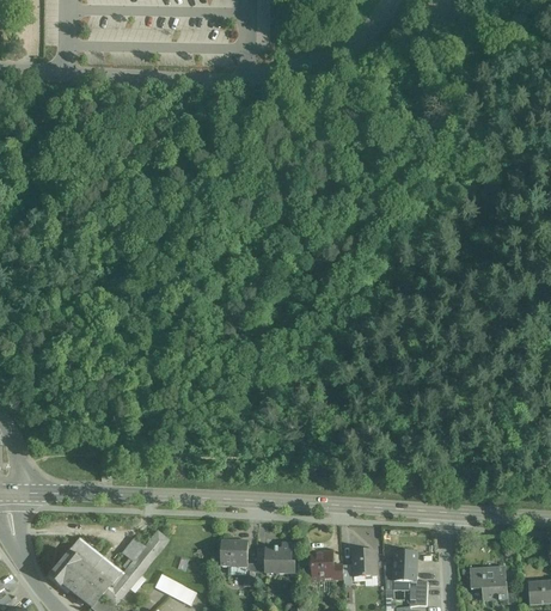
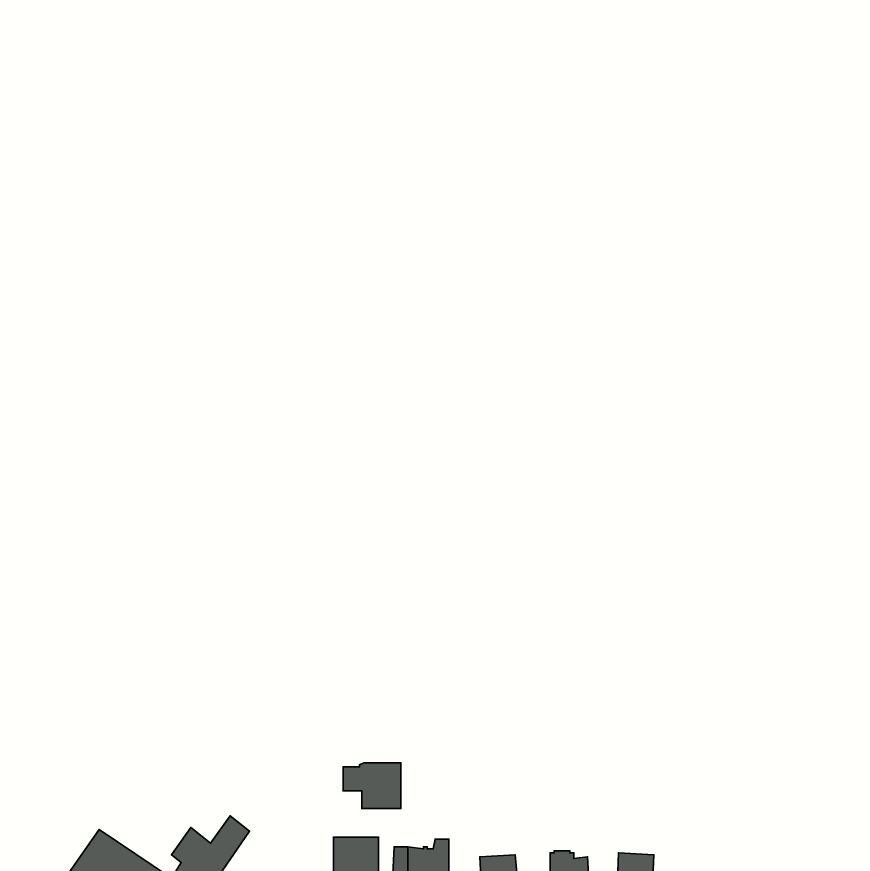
building: none -> [343,763,401,809]

